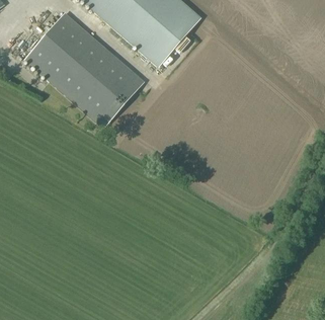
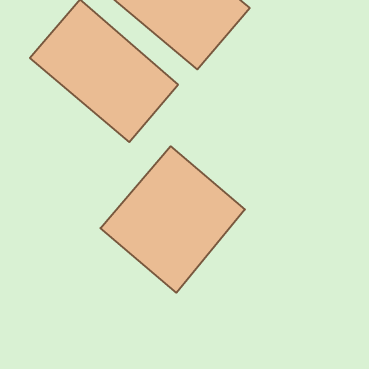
building: none -> [100,146,245,293]

